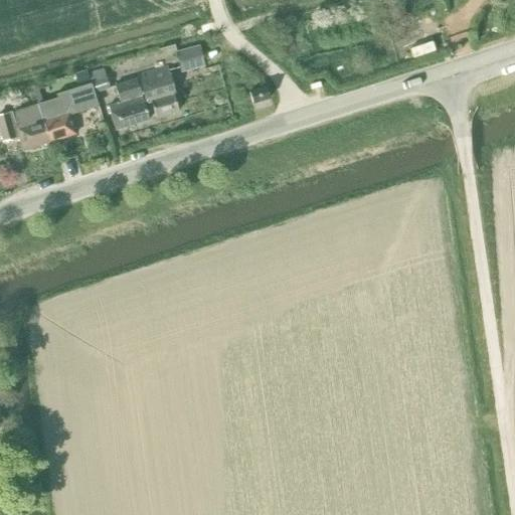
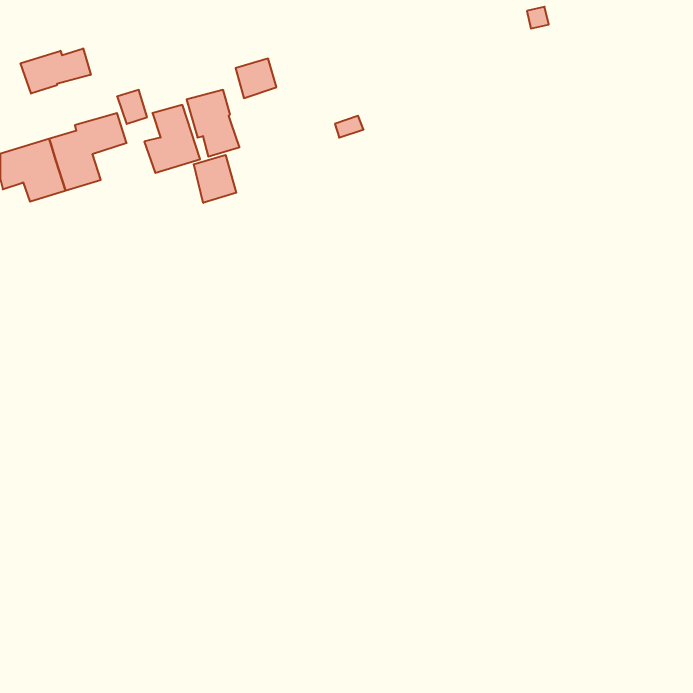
building: none -> [21,48,91,94]
building: none -> [194,155,236,203]

